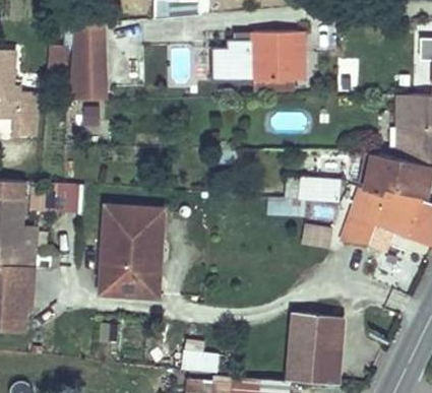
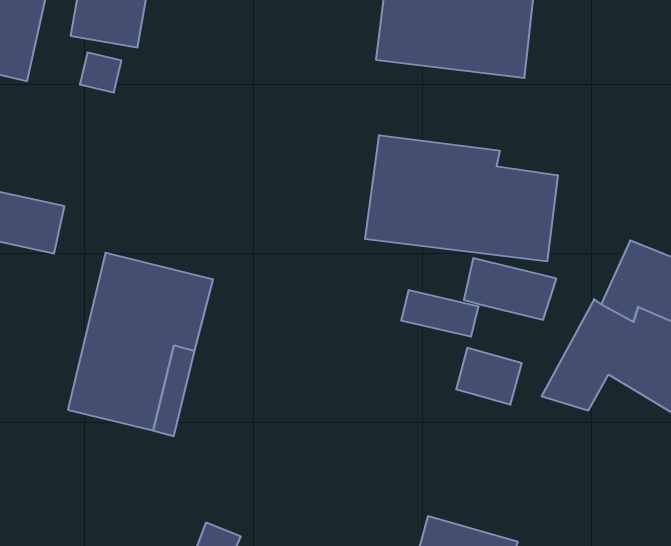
building: none -> [365,135,558,261]

